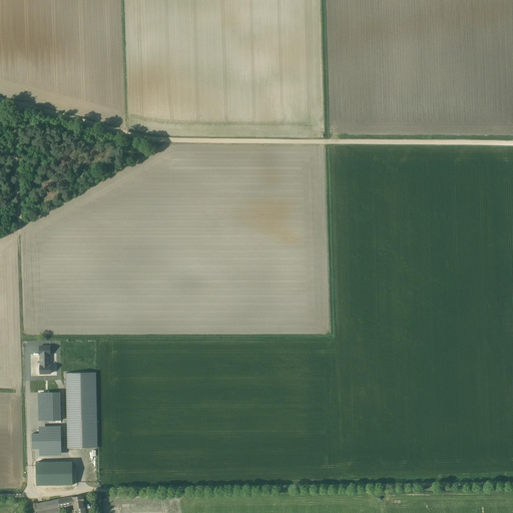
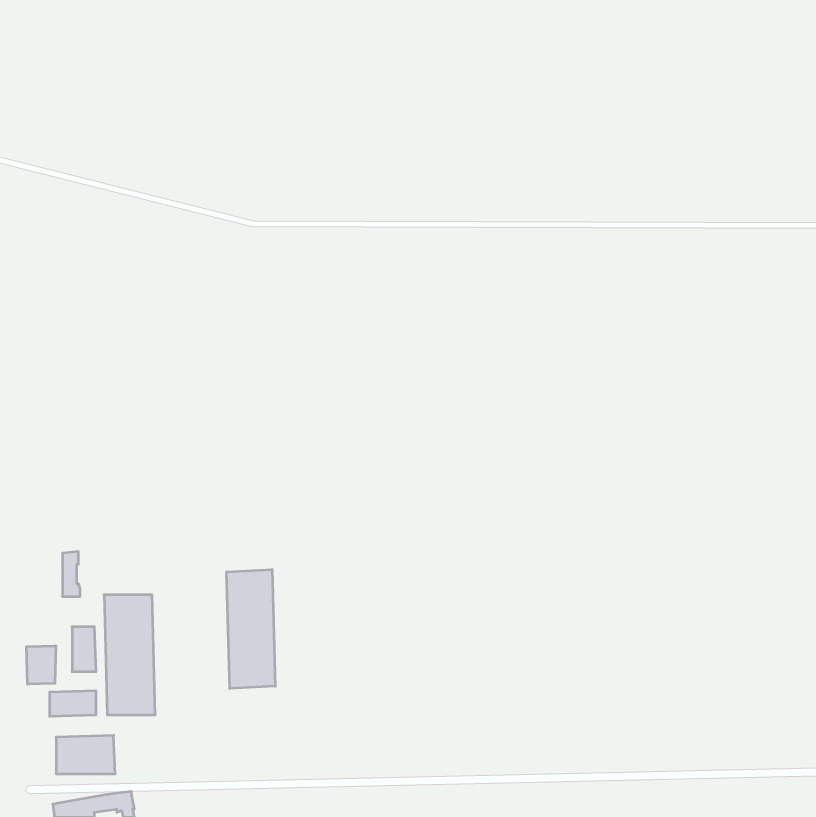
building: none -> [227,569,275,689]
building: none -> [27,646,56,684]

